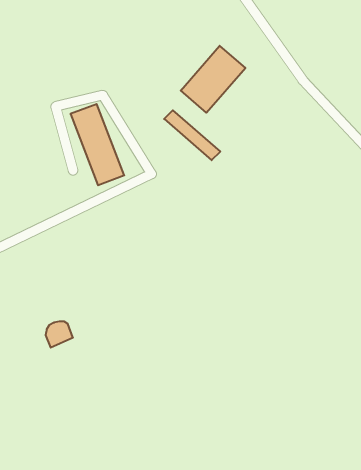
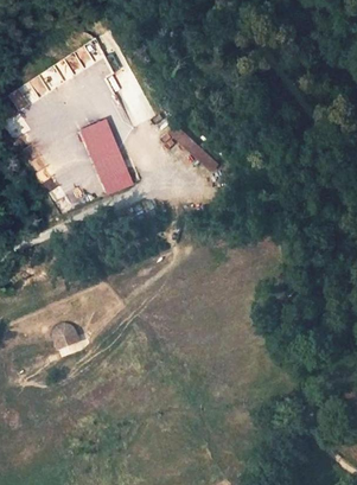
building: [181,46,245,113] -> none

